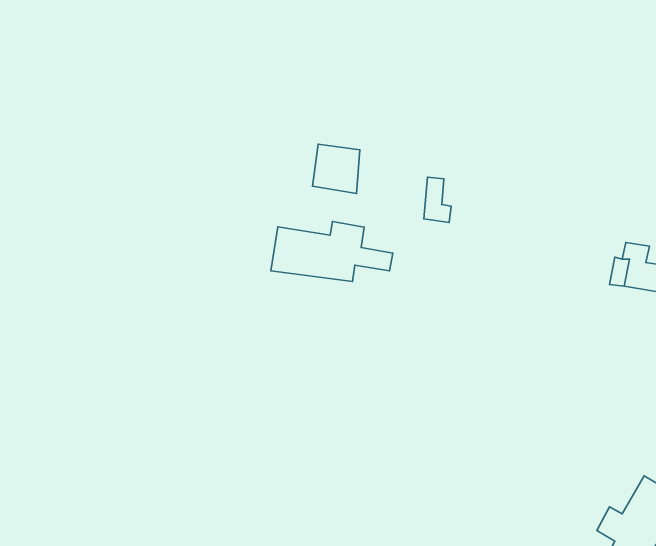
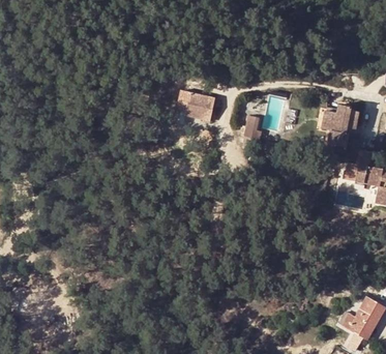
building: none -> [321,106,359,147]
building: [271,221,393,281] -> none

